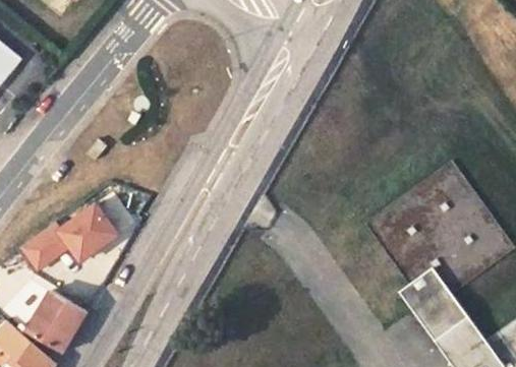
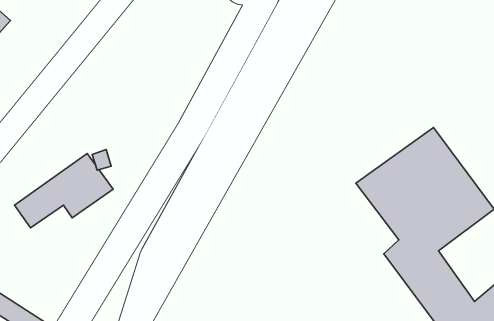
building: [27,291,88,353] -> none

